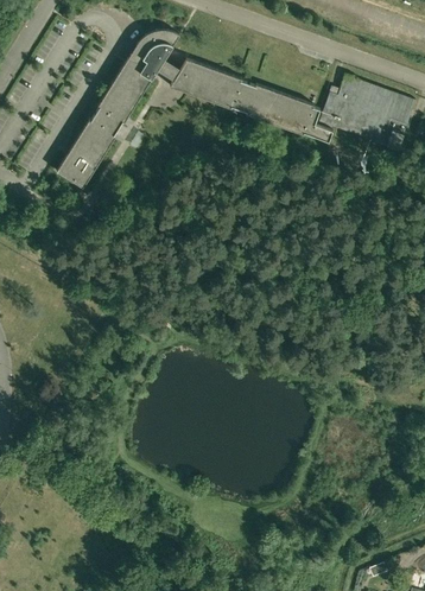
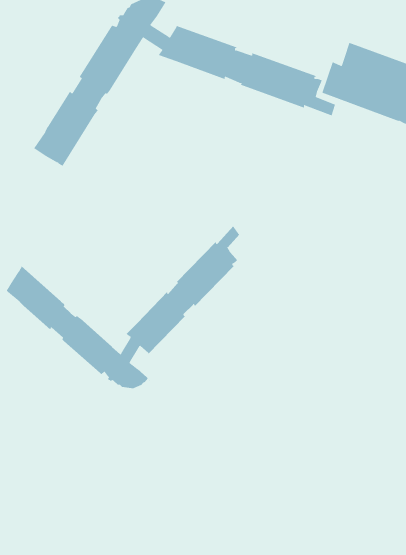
building: none -> [5,226,240,389]

